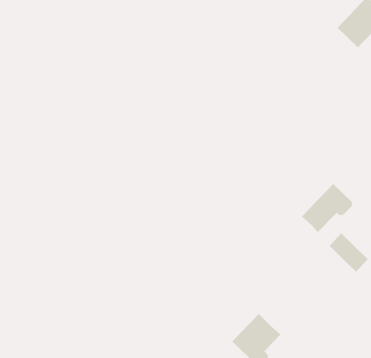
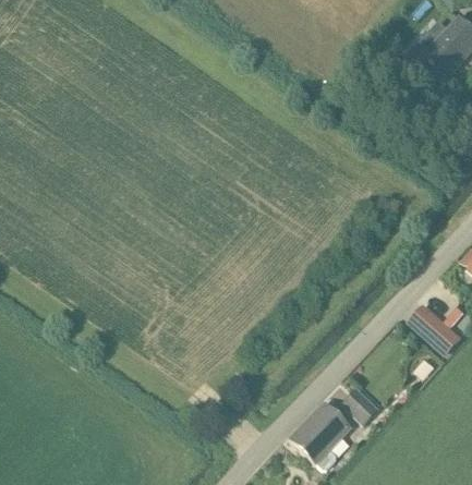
building: [301,183,353,233] -> none
building: none -> [343,388,378,423]

